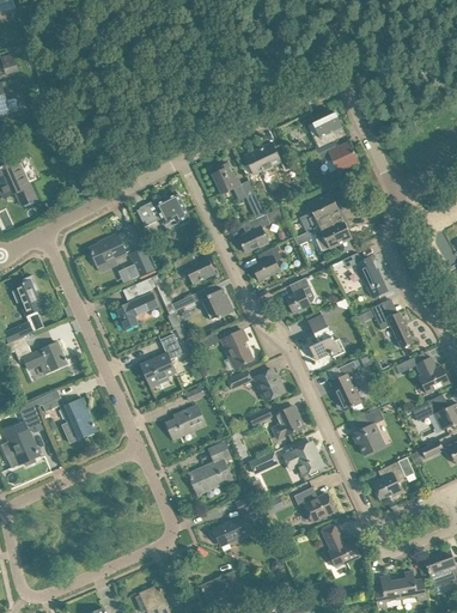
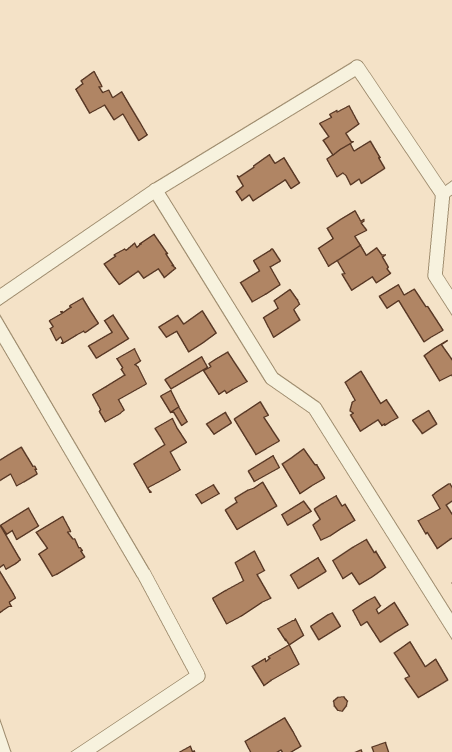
building: [212,162,262,218] -> [76,72,147,140]
building: [284,277,313,312] -> none
building: [329,360,364,409] -> none
building: [165,405,205,438] -> [225,482,277,529]

